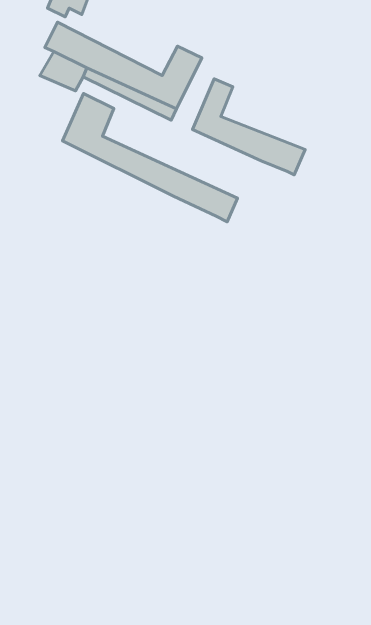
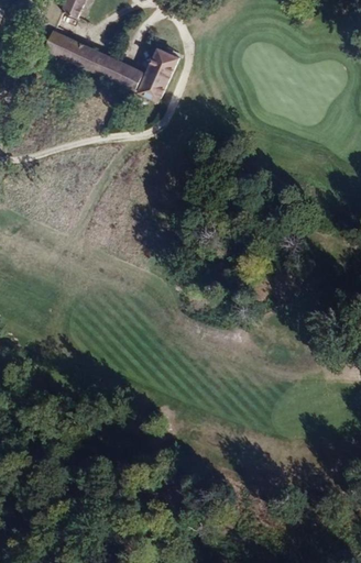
building: [192,79,305,175] -> none
building: [63,93,237,222] -> none

